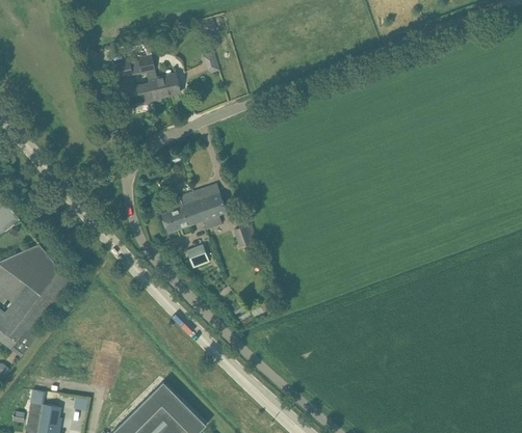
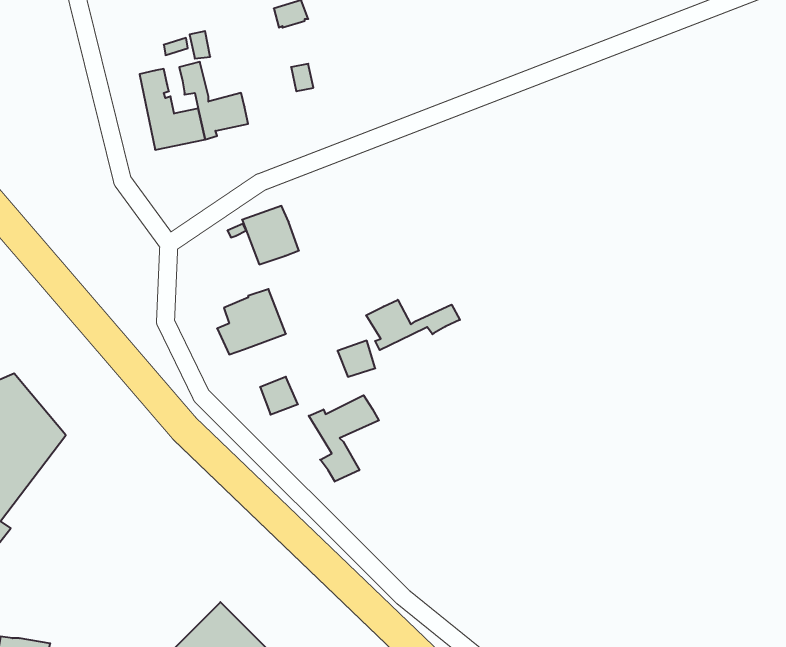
building: [191,184,226,219] -> [242,206,299,264]
building: none -> [366,300,460,350]
building: none -> [309,395,379,482]

